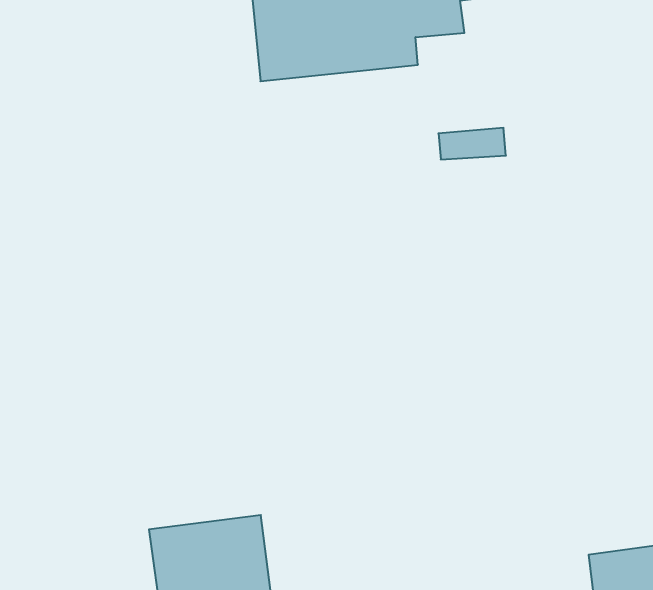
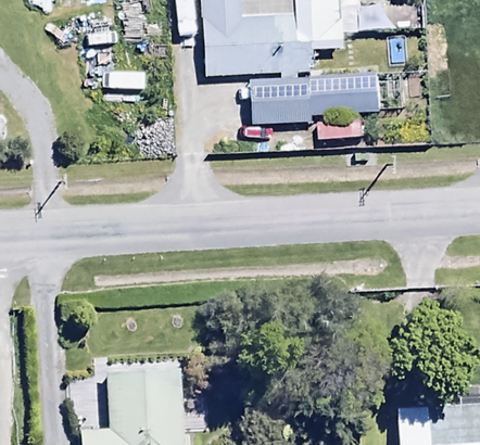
building: none -> [279,74,378,114]

